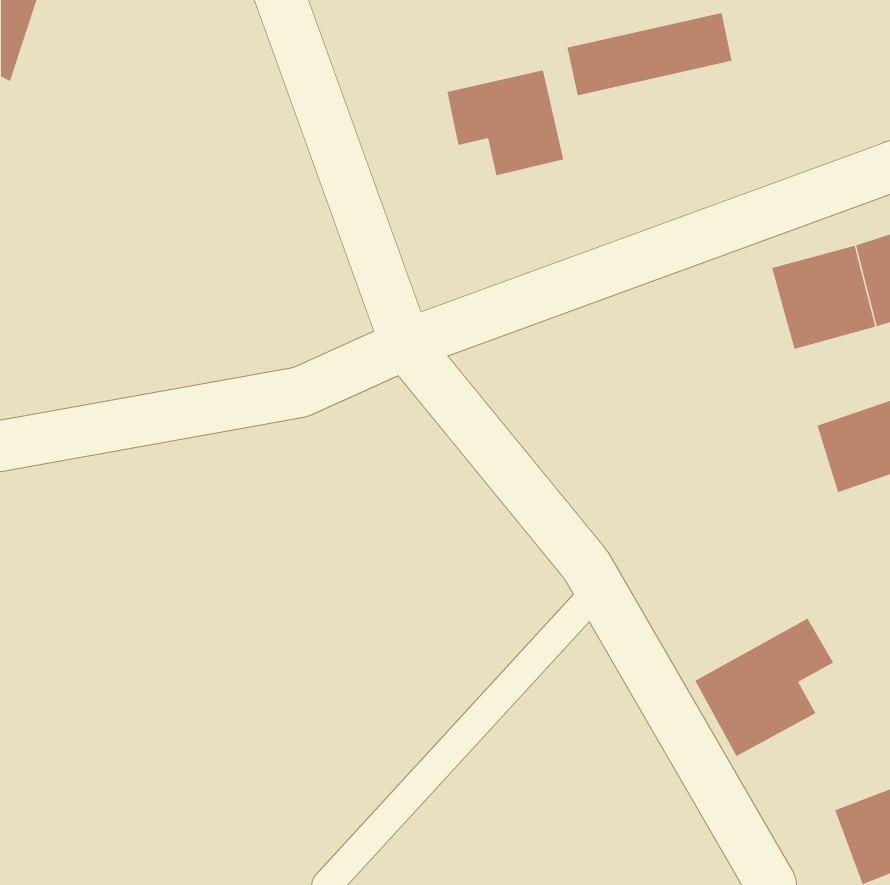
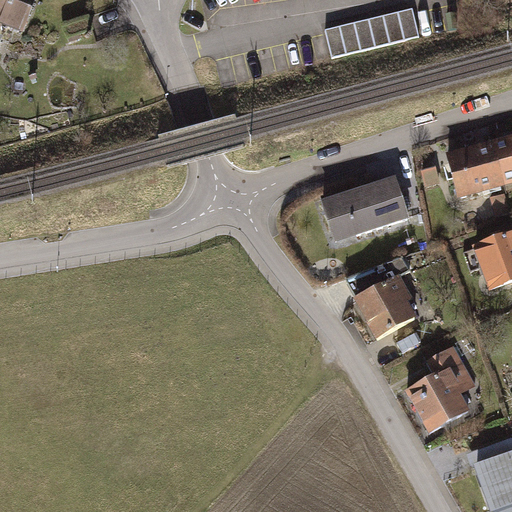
building: [446,70,564,176] -> none
building: none -> [320,177,409,240]
building: none -> [353,254,419,333]

